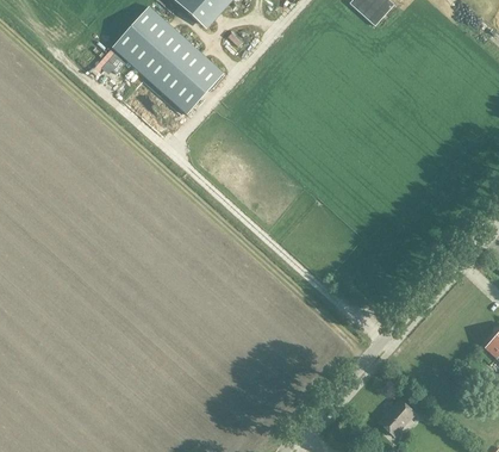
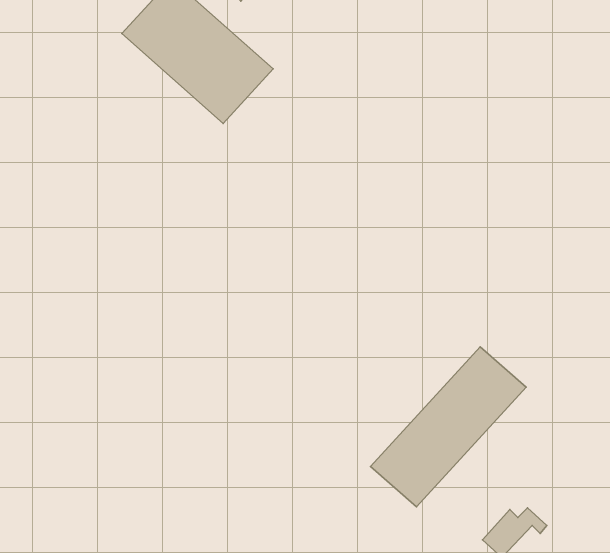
building: none -> [371,347,526,507]

